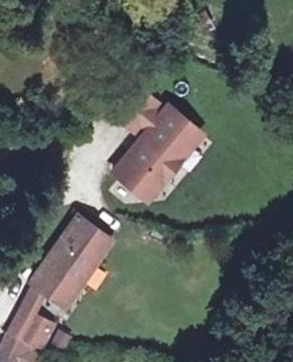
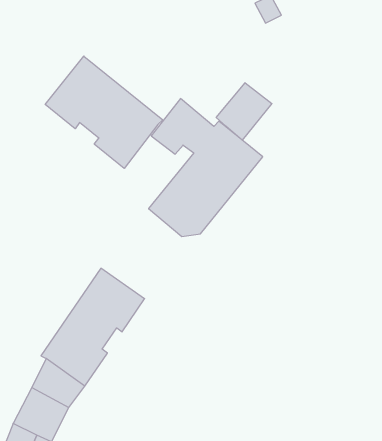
building: none -> [45,56,163,168]
building: none -> [216,83,272,140]

